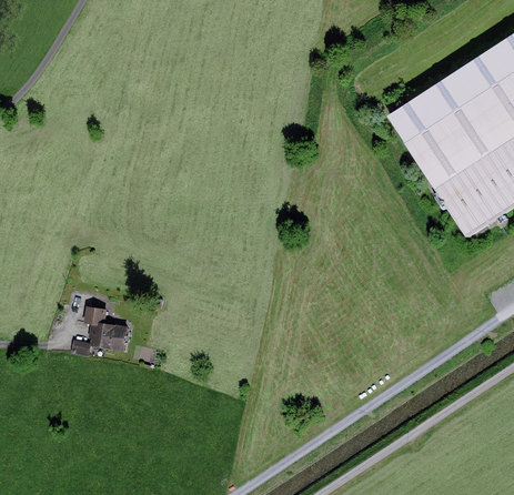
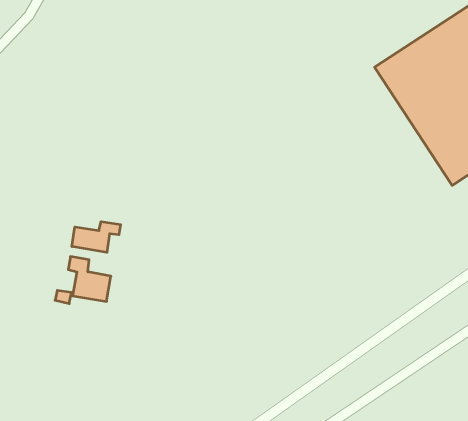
building: none -> [72,222,121,252]

